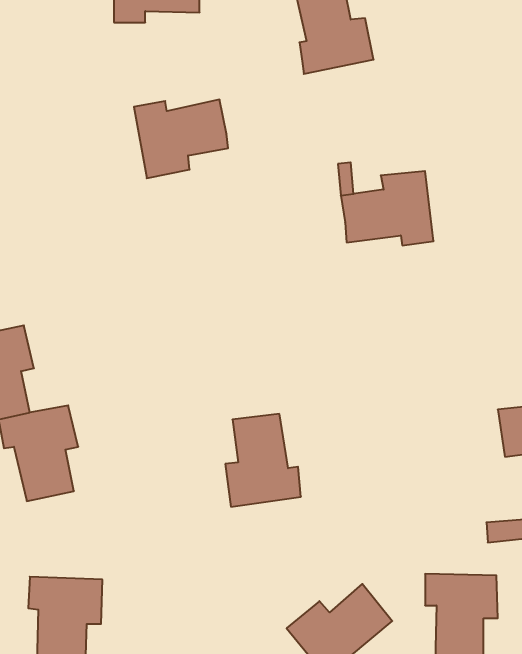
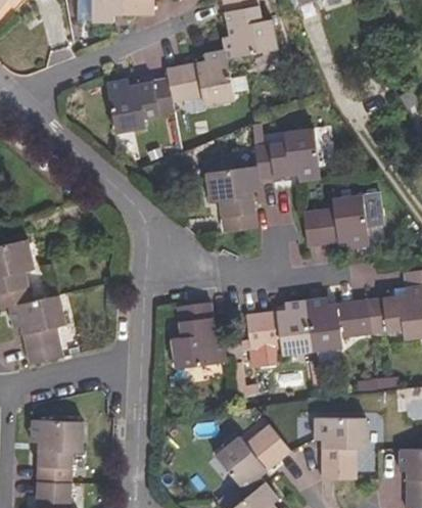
building: none -> [166,50,235,106]
building: none -> [206,166,260,233]
building: none -> [302,194,370,248]
building: none -> [246,297,372,355]

